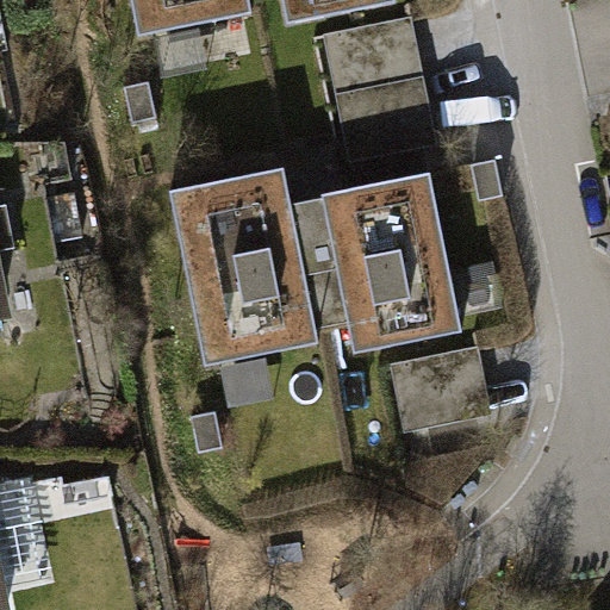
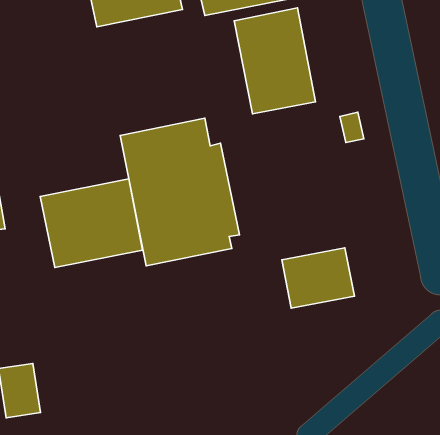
building: [304,173,462,350] -> none
building: none -> [40,179,142,268]

